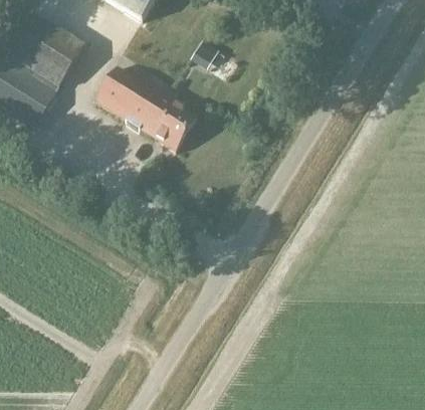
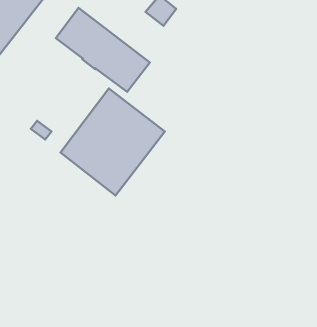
building: none -> [60,88,165,196]

